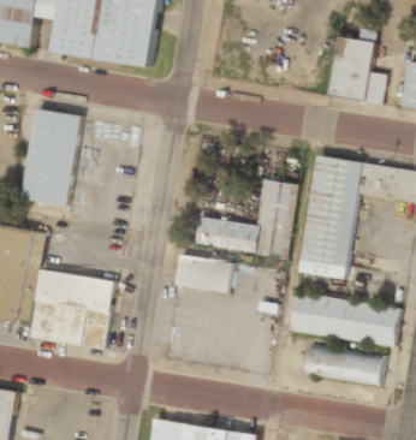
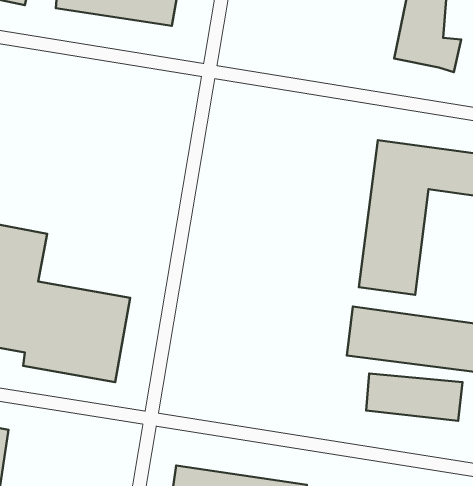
building: [22,109,79,207] -> none
building: [195,179,298,258] -> none
building: [176,254,232,291] -> none

